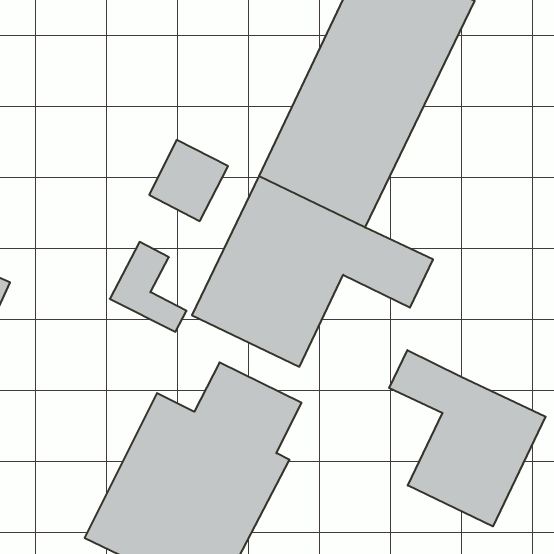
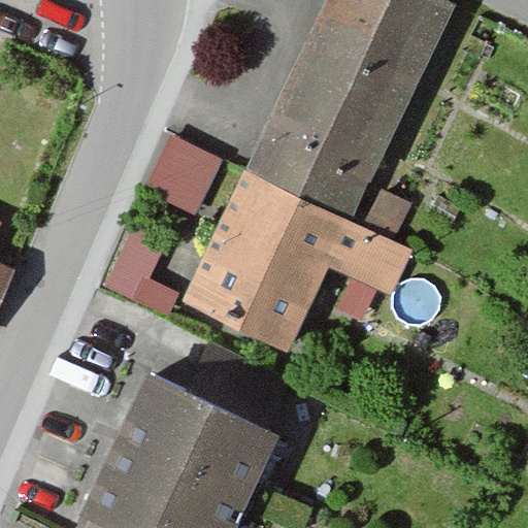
building: [389,350,546,526] -> none

